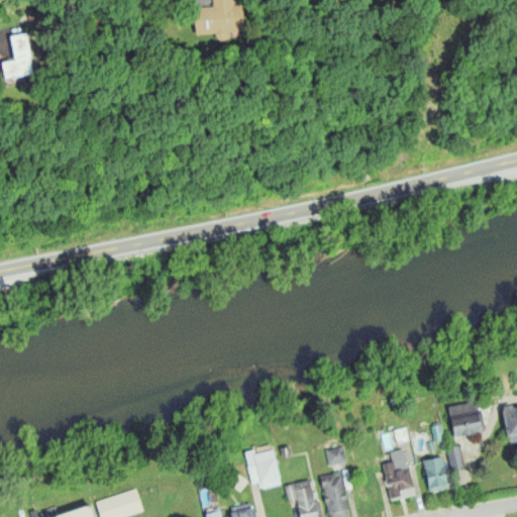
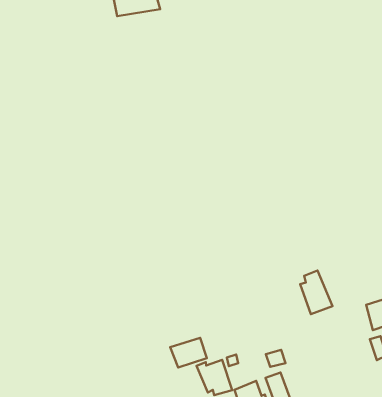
building: none -> [170,338,207,368]
building: [382,449,416,499] -> [300,271,333,314]
building: [422,455,447,489] -> none

